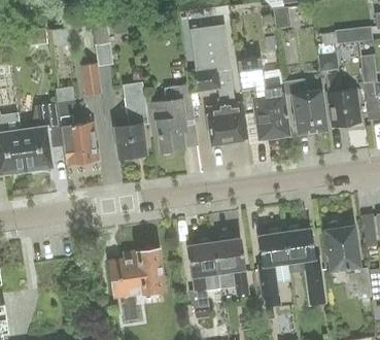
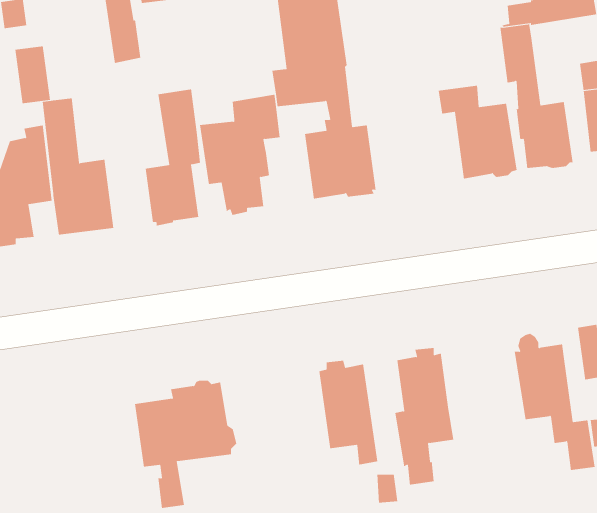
building: [238,58,287,137] -> none
building: [80,63,101,96] -> [15,46,51,104]
building: [284,226,327,306] -> none
building: [188,238,220,317] -> none

